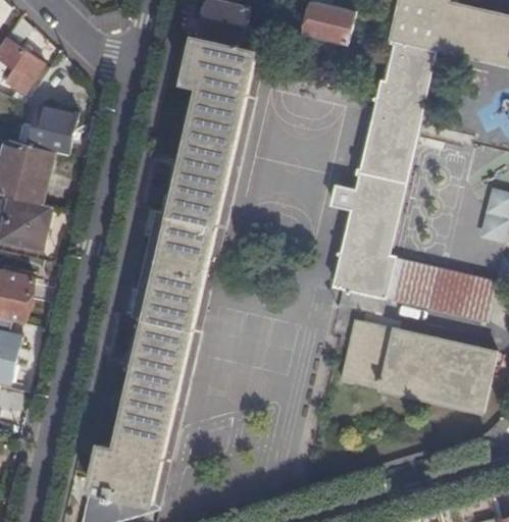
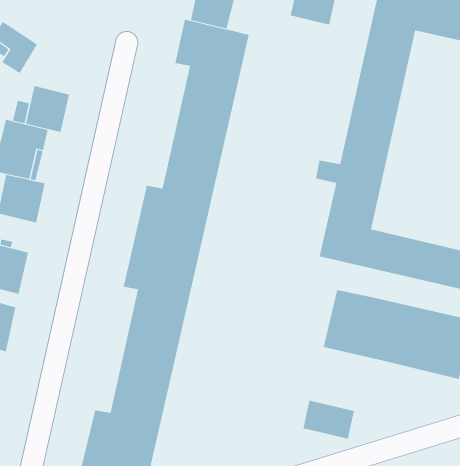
building: none -> [303,400,354,439]

